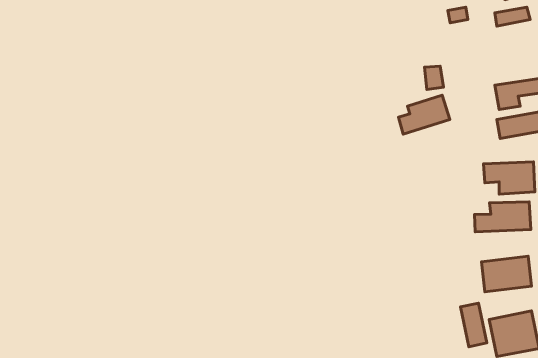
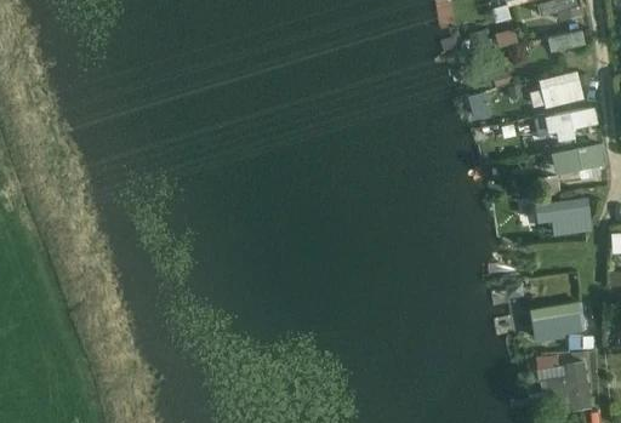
building: [399,95,450,134] -> [528,70,583,113]
building: [475,202,531,232] -> none
building: [460,303,487,347] -> none

